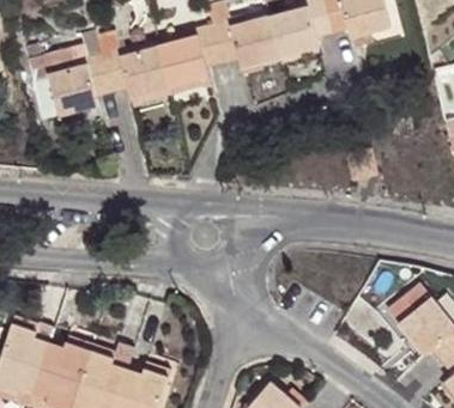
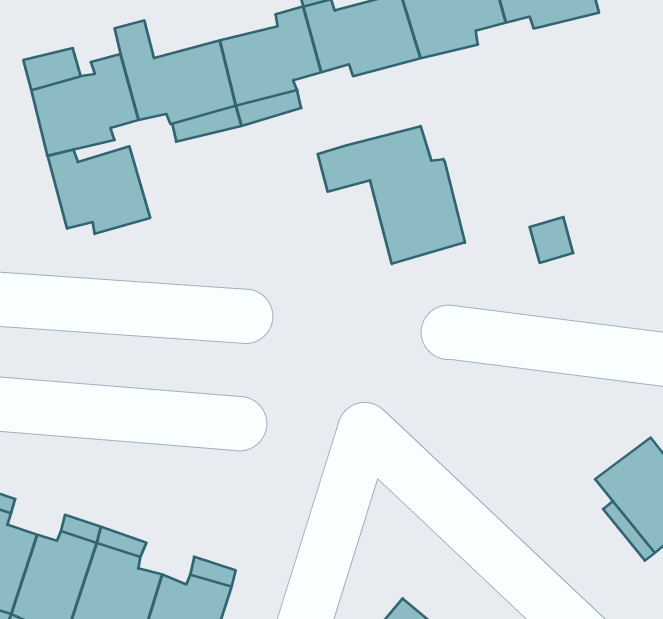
building: none -> [318,126,465,264]
building: none -> [48,146,150,234]

